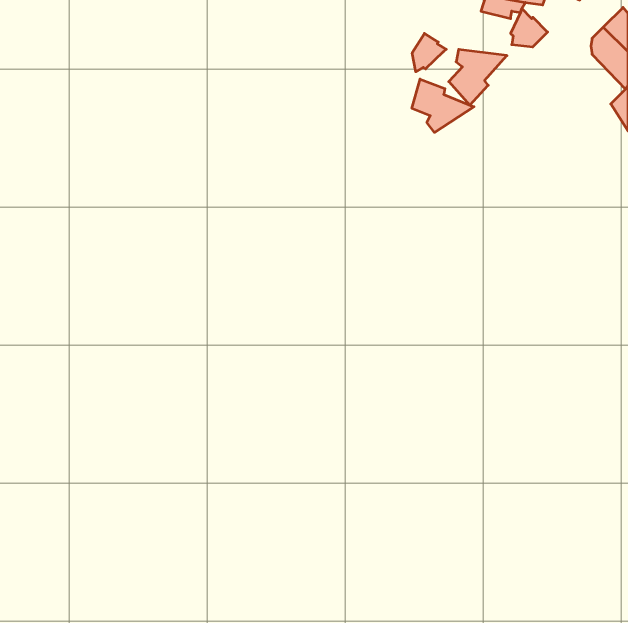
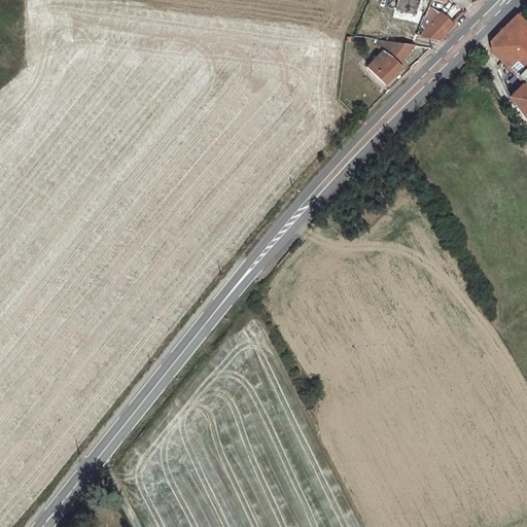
building: [412,33,446,72] -> none
building: [412,79,474,132] -> none

